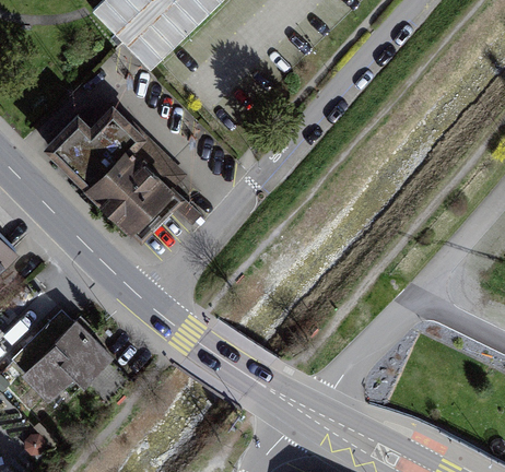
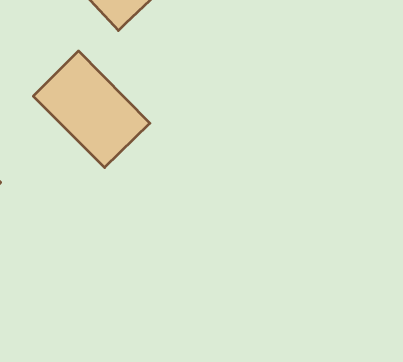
building: [25,321,106,401] -> none

